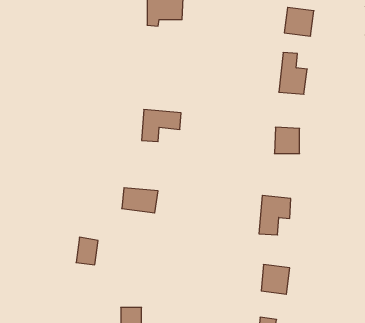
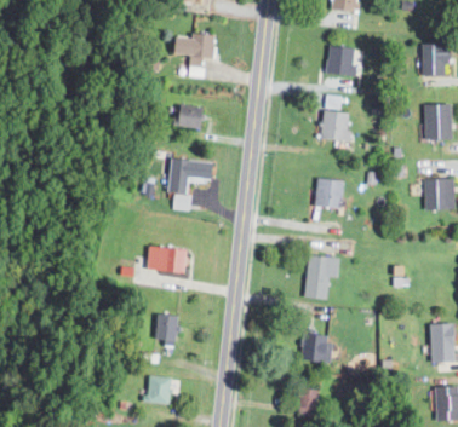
building: none -> [173,105,204,131]
building: [76,237,98,265] -> [154,313,178,344]

